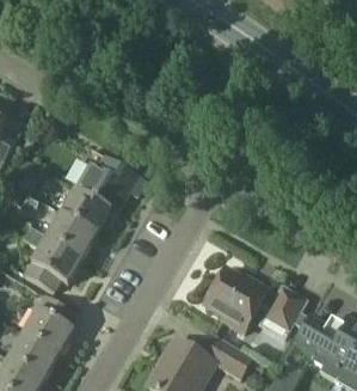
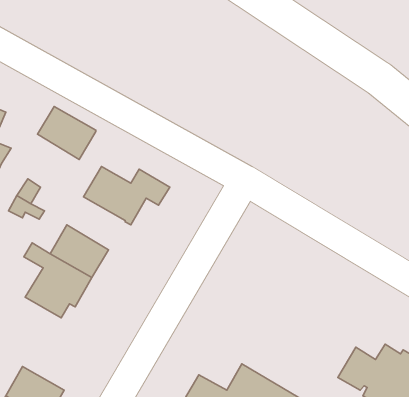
building: [60,188,110,233] -> [37,107,96,159]
building: [204,269,306,332] -> none
building: [21,295,74,354] -> none

